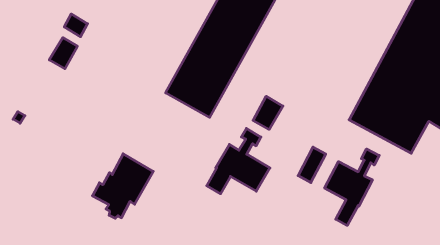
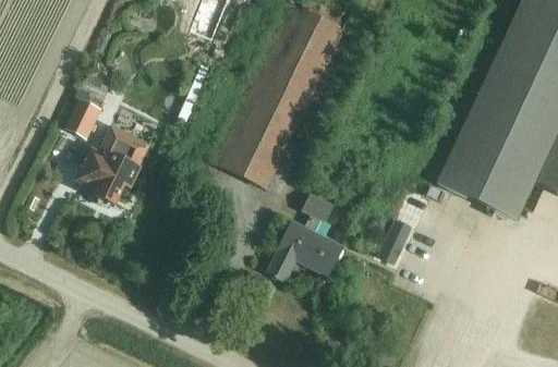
building: [253,96,283,129] -> none
building: [325,149,379,225] -> none
building: [92,154,153,218] -> [76,126,149,206]

